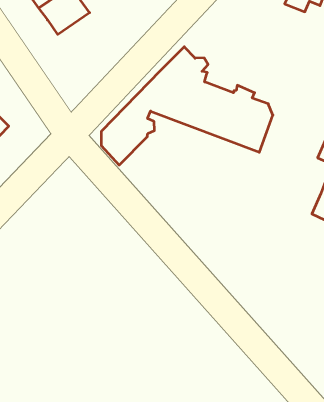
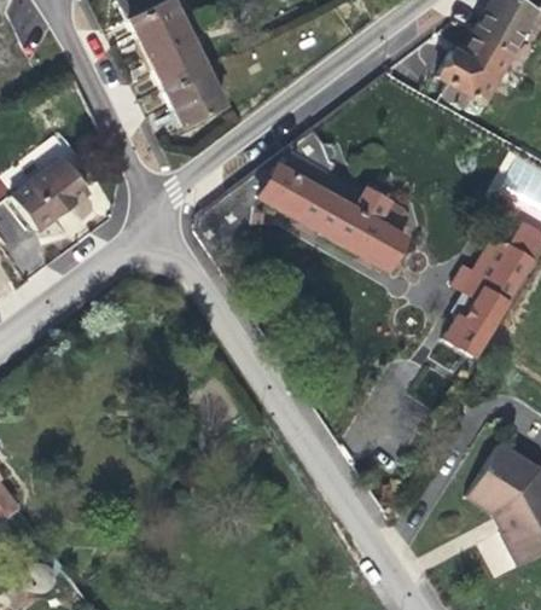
building: none -> [164,69,225,126]

